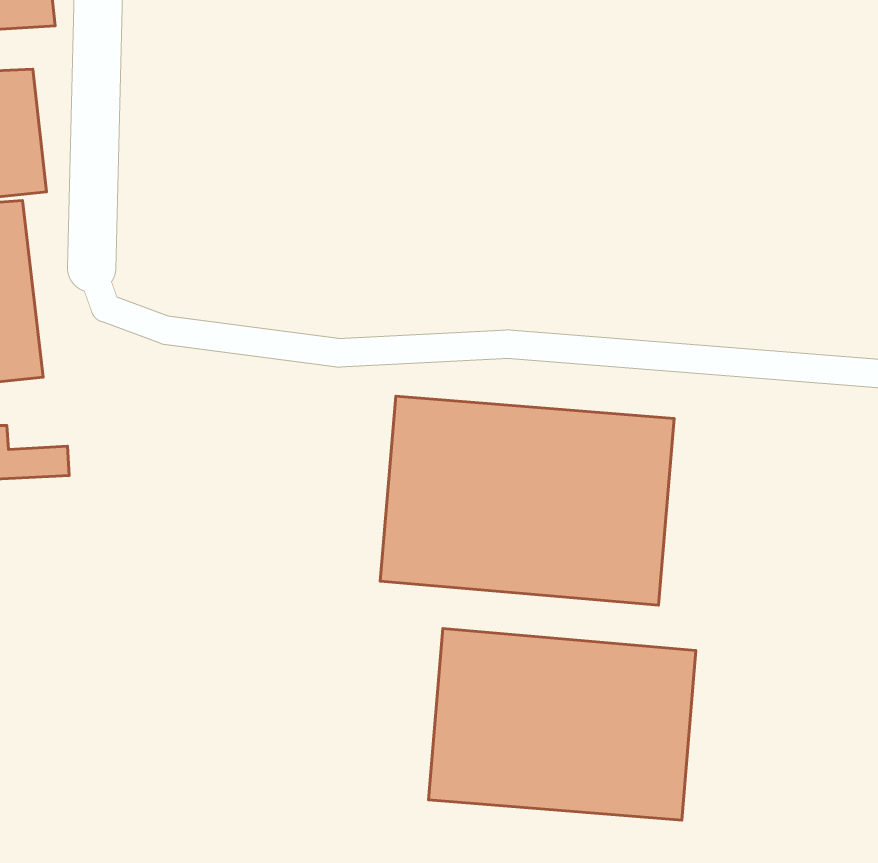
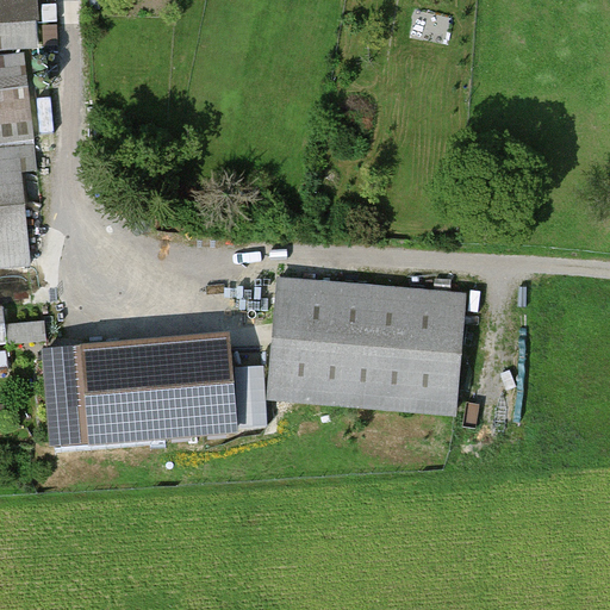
building: none -> [44,334,241,455]
building: [429,629,696,820] -> none

